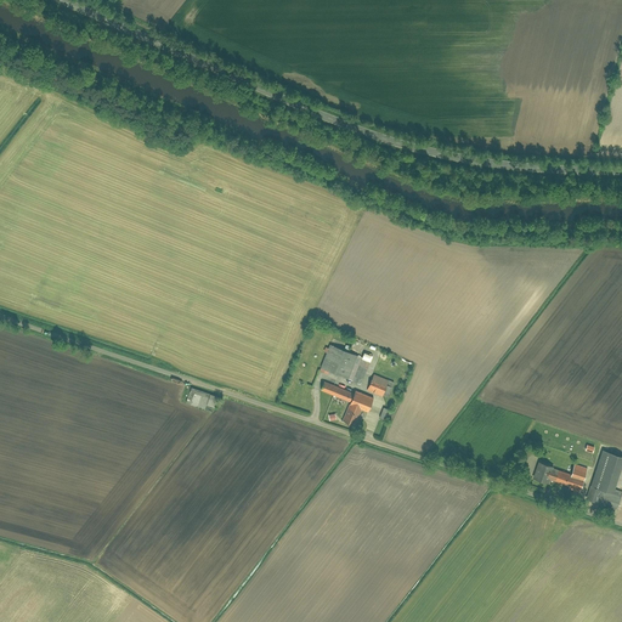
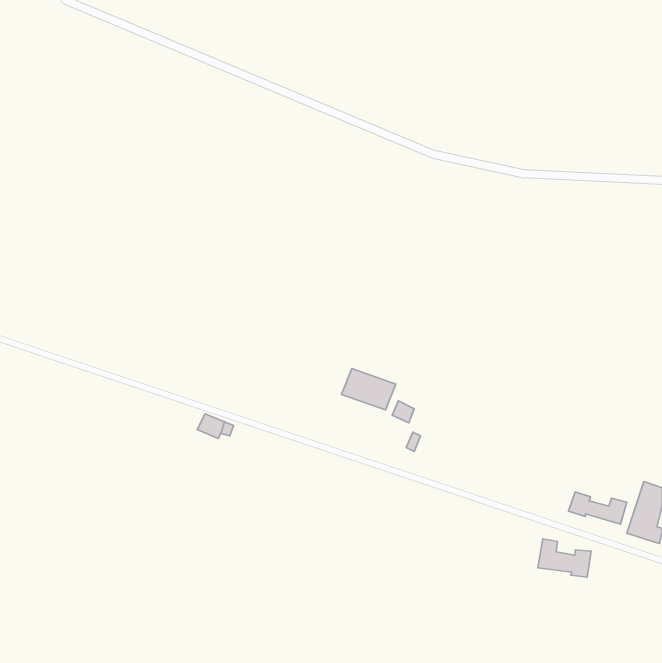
building: [321,379,373,426] -> none
building: none -> [538,539,591,577]

